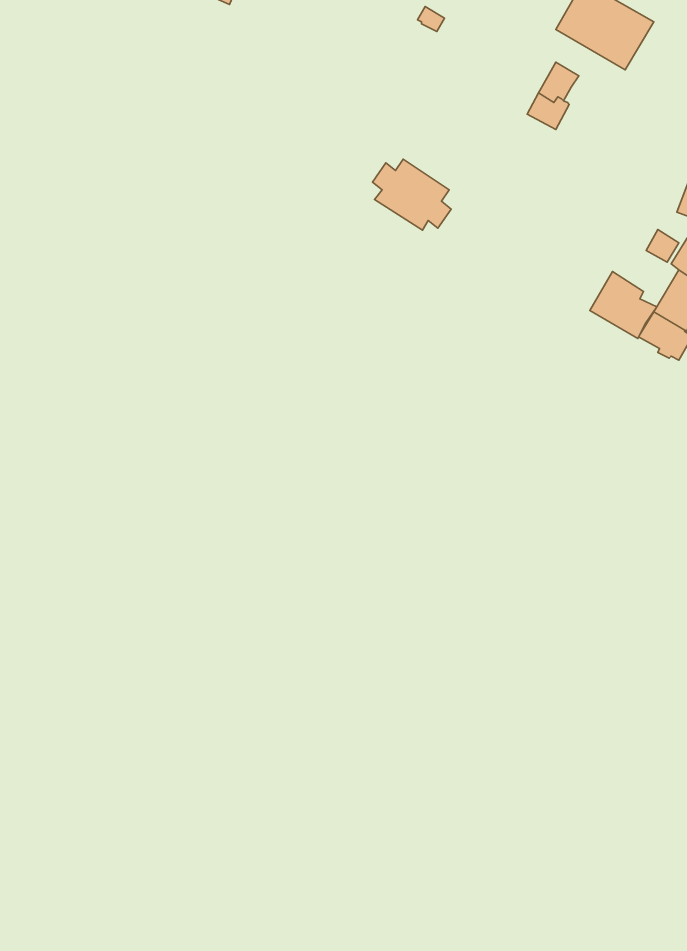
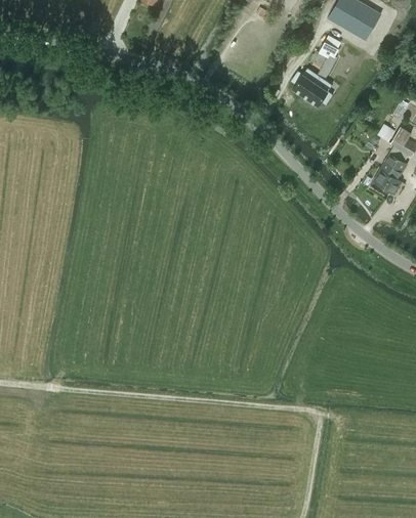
building: [372,159,451,230] -> [290,69,332,106]
building: [590,272,657,338] -> none

